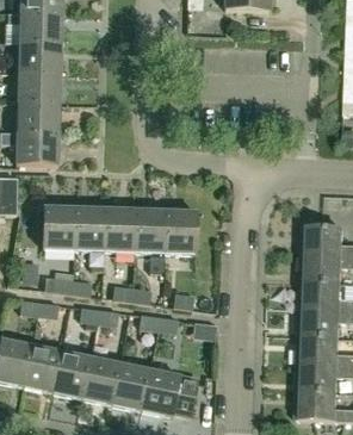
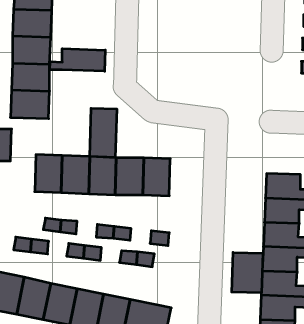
building: none -> [50,49,105,71]
building: none -> [90,108,117,157]
building: none -> [232,252,263,293]

